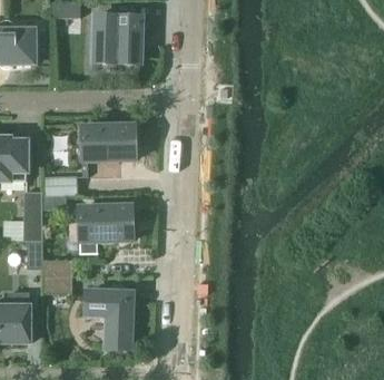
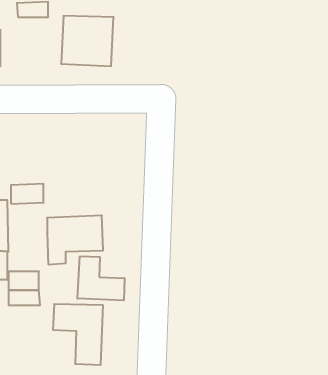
building: [81,126,135,160] -> none
building: none -> [78,256,124,300]

